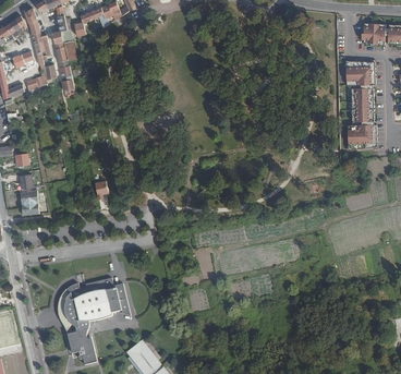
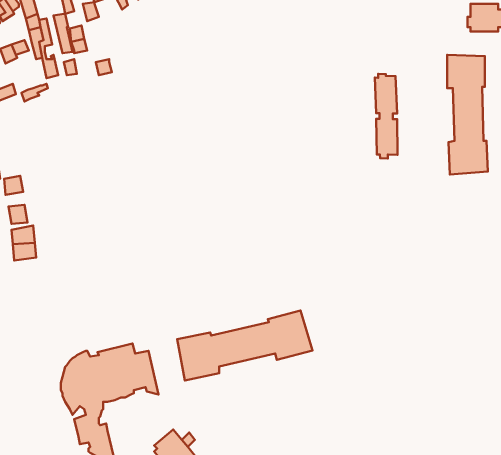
building: none -> [375,74,398,158]
building: none -> [177,311,313,381]

